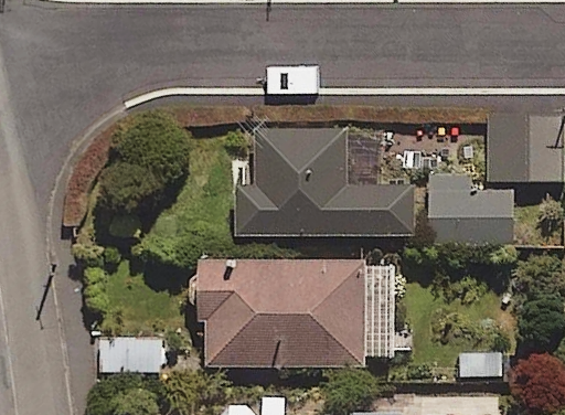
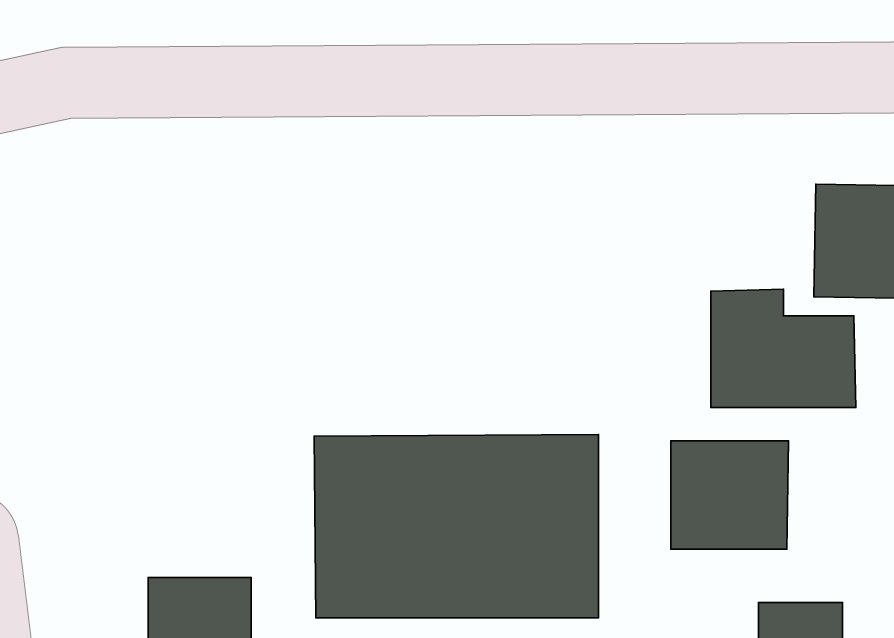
building: [238,132,414,235] -> none
building: none -> [671,441,789,549]

